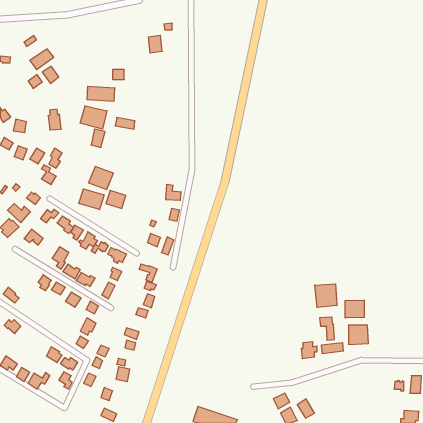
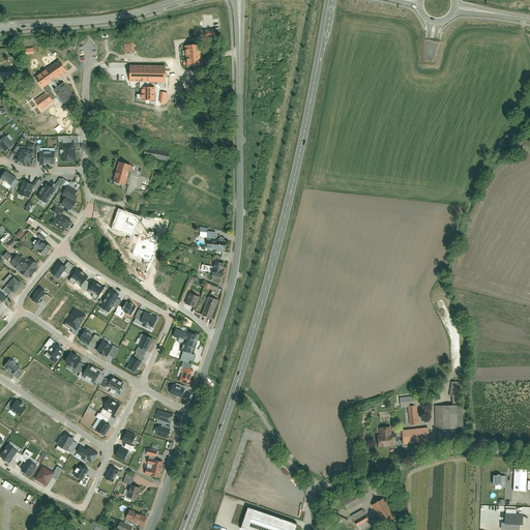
building: [87,86,115,101] -> [130,64,166,83]
building: [80,106,107,129] -> none
building: [79,189,104,210] -> none
building: [315,284,337,308] -> none
building: [345,300,364,318] -> none

